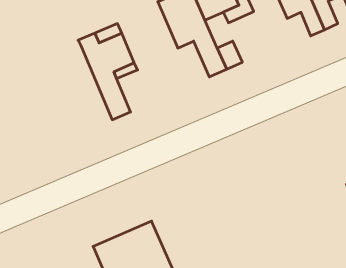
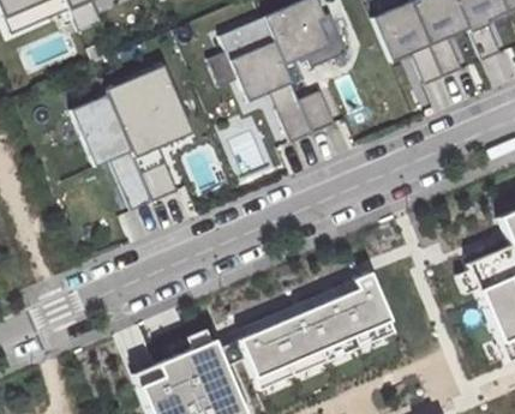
building: none -> [76,97,155,209]
building: none -> [235,270,389,378]

